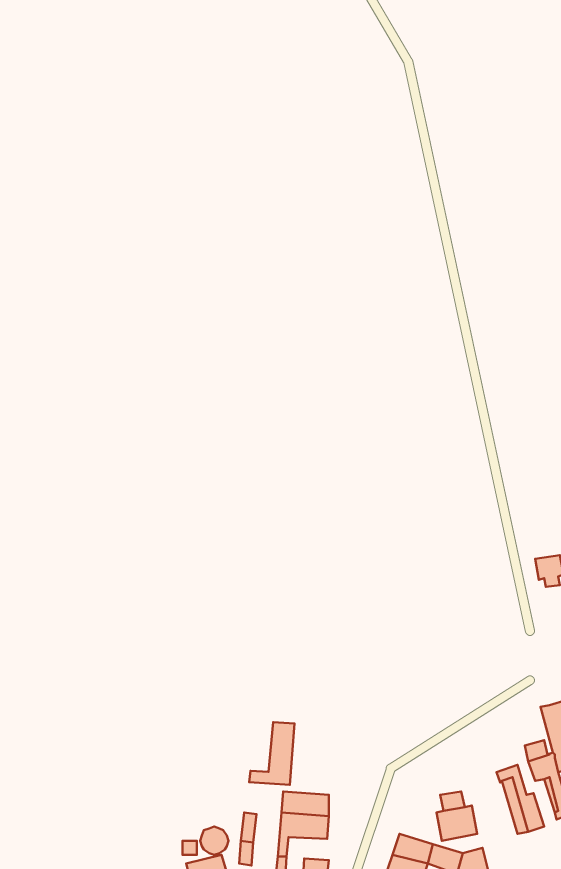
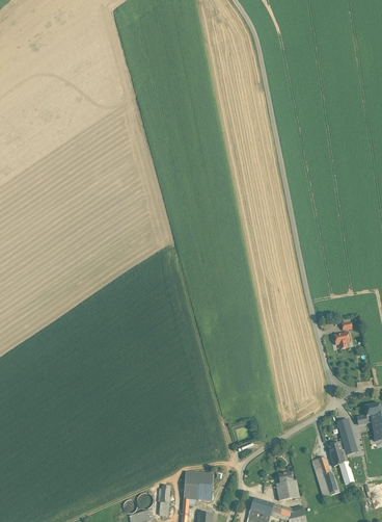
building: [249,722,294,785] -> none

